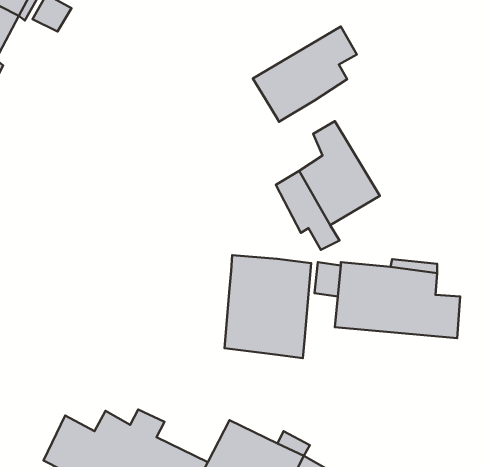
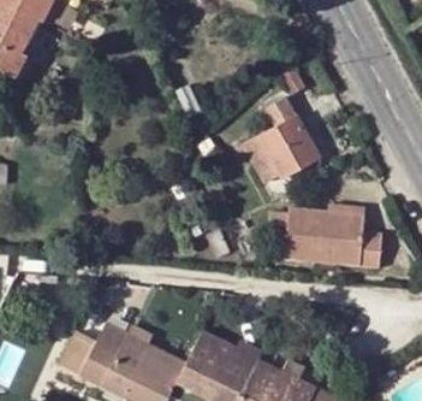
building: [253,26,357,122] -> none
building: [224,255,311,358] -> none

